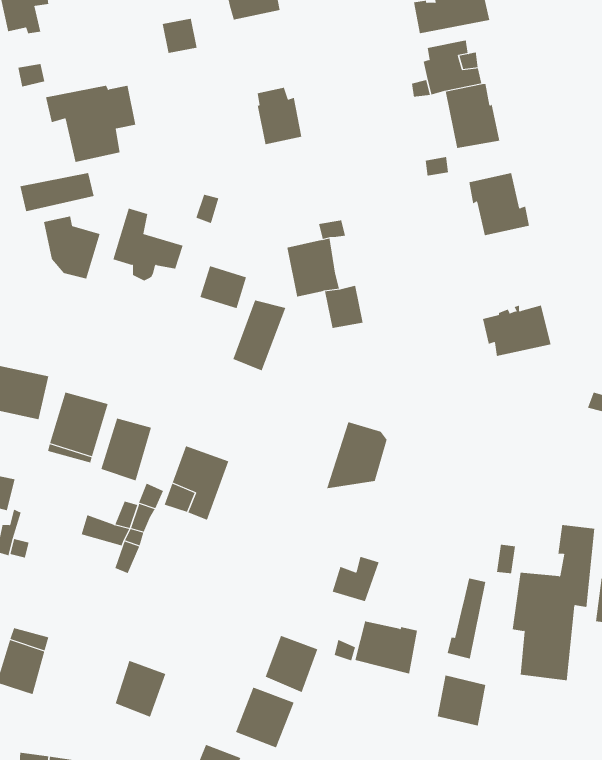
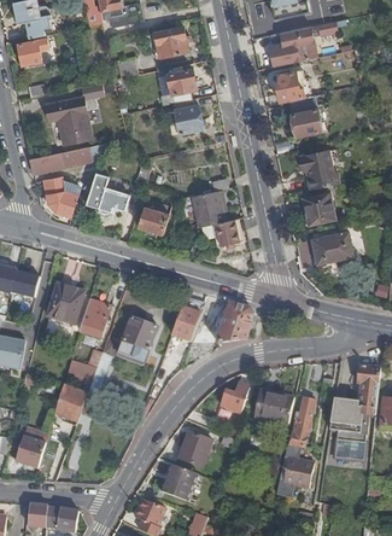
building: none -> [162,69,197,104]
building: none -> [303,192,334,222]
building: [233,300,286,371] -> [171,298,204,342]
building: [355,621,418,674] -> [254,391,293,424]
building: [115,660,166,717] -> [54,385,86,420]

